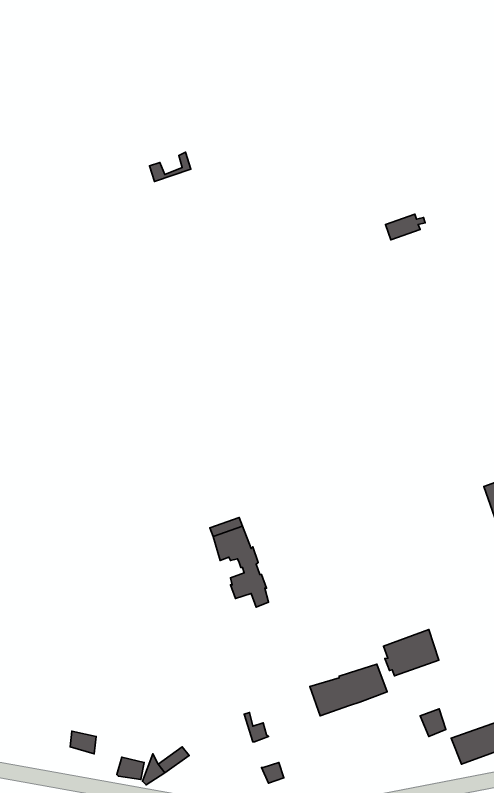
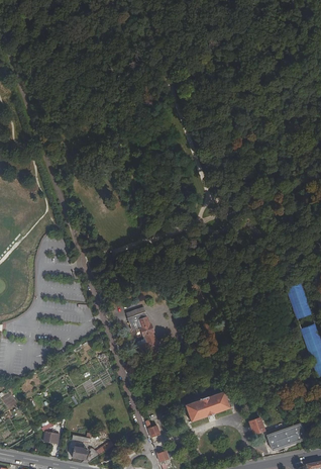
building: [383,629,439,676] -> none

